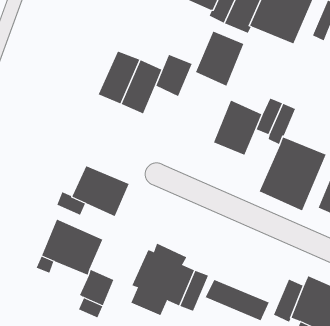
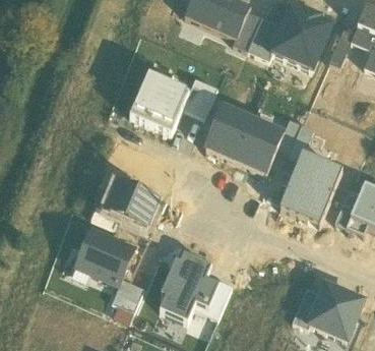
building: [195,31,244,87] -> [207,108,253,160]
building: [205,279,269,321] -> none

